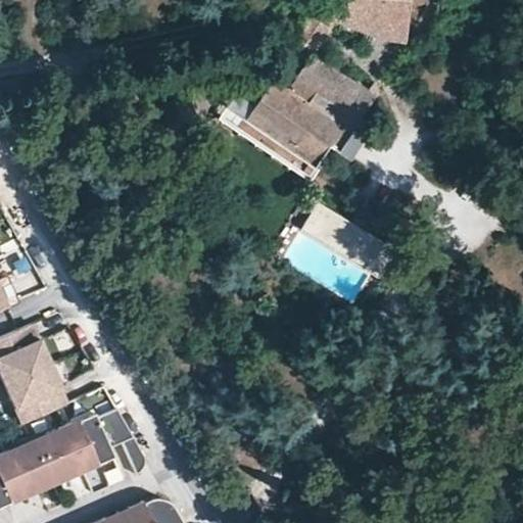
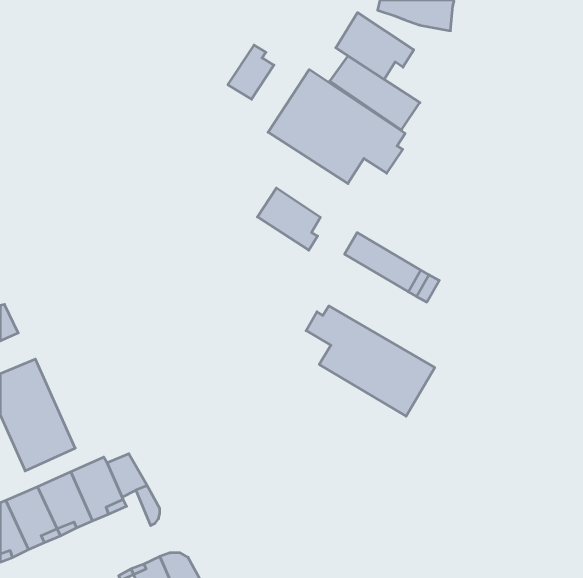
building: none -> [336,13,414,79]
building: none -> [228,45,274,99]
building: none -> [257,188,320,250]
building: none -> [306,306,435,416]

